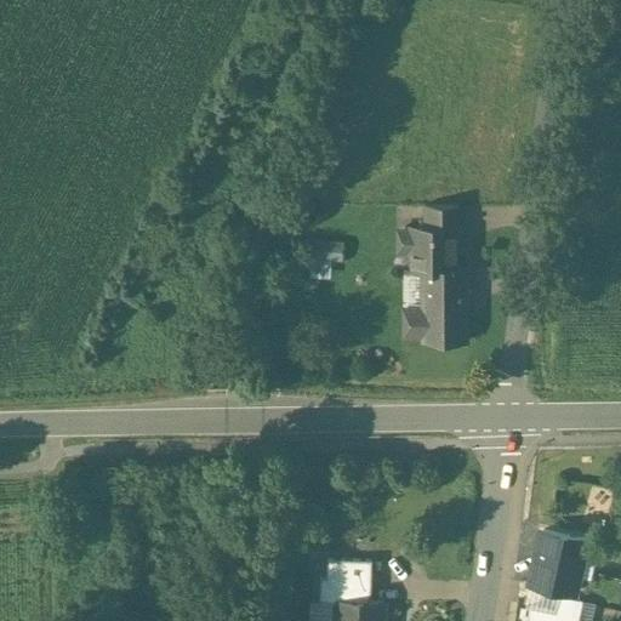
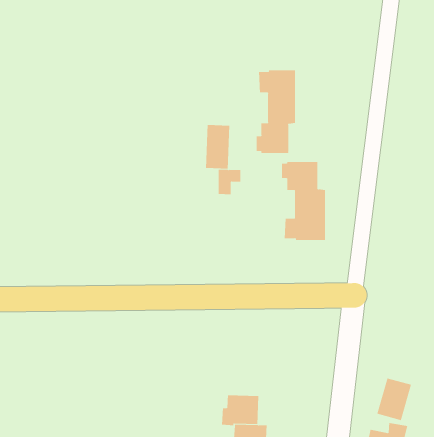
building: none -> [256,69,296,154]
building: none -> [205,124,230,170]
building: [418,207,454,233] -> none

